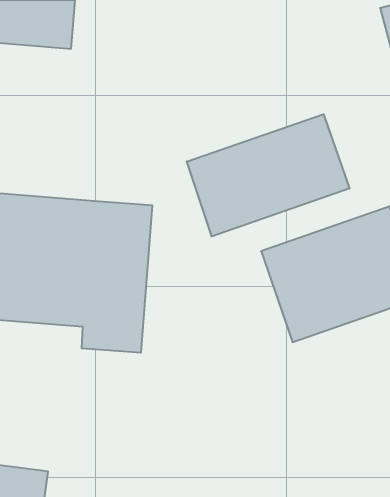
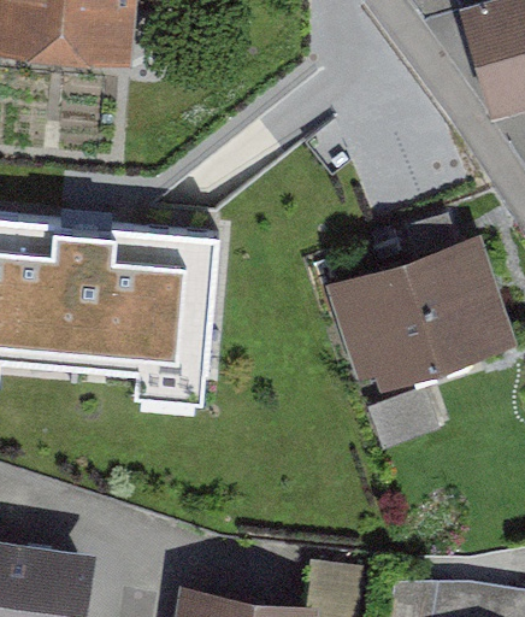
building: [187,114,350,236] -> none

